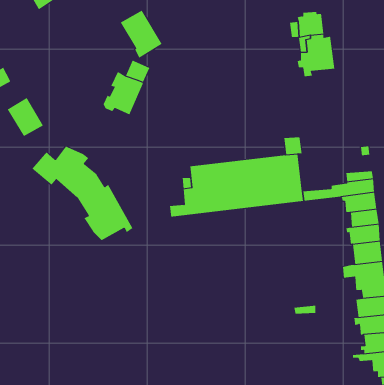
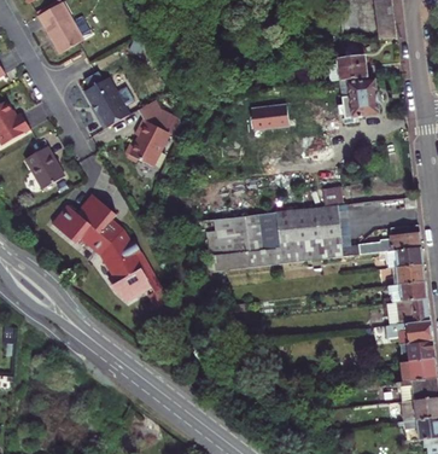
building: [120,10,163,59] -> [86,77,132,129]
building: none -> [250,104,287,130]

